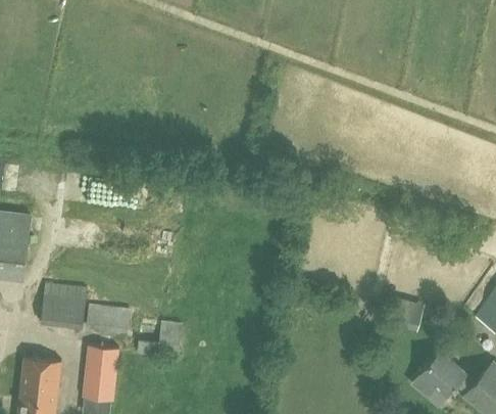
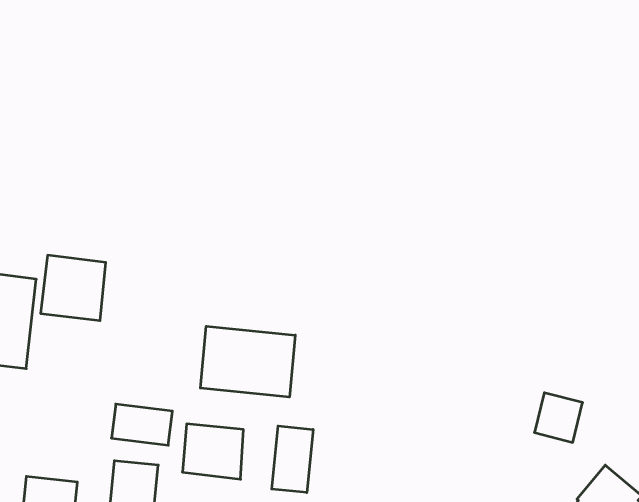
building: none -> [200,326,295,397]
building: [40,283,87,330] -> [41,255,106,321]
building: none -> [272,426,313,493]

